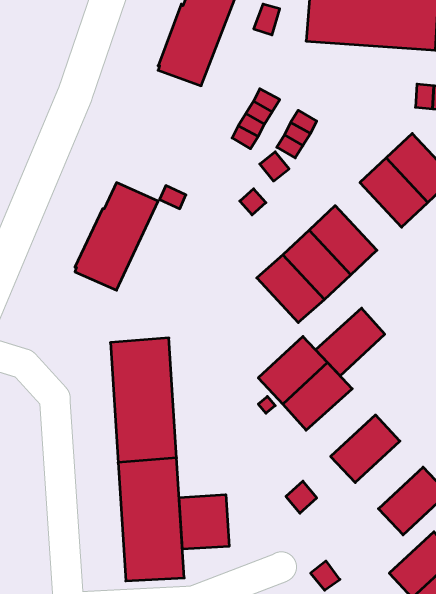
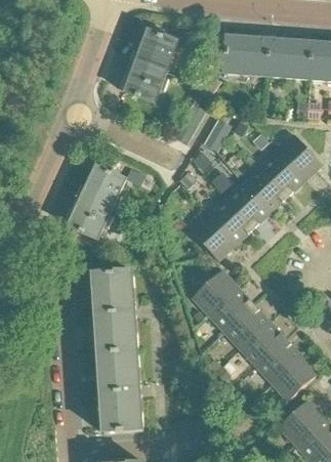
building: none -> [243,167,287,212]
building: [315,308,385,376] -> [223,304,270,349]
building: none -> [256,339,301,384]
building: [179,495,229,549] -> none

